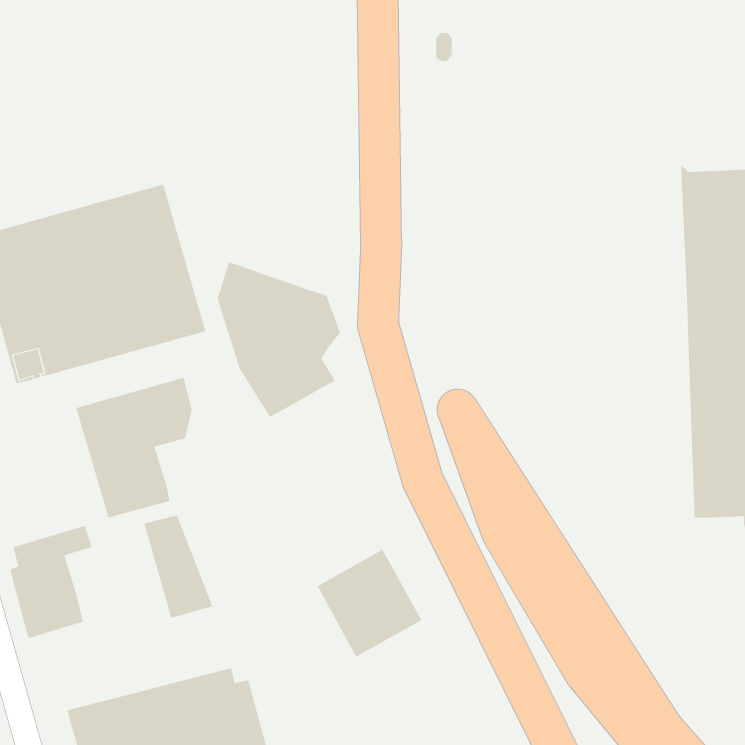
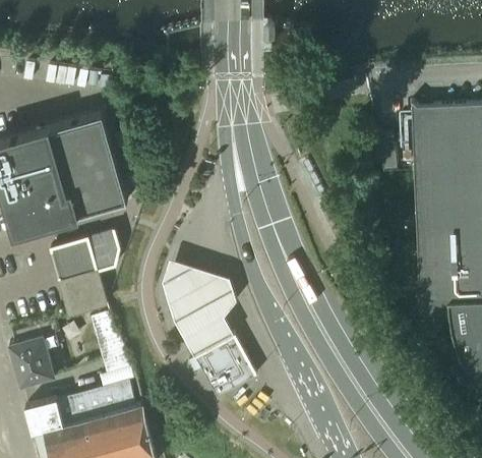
building: [217,262,341,418] -> [163,264,237,357]
building: none -> [25,384,135,436]

